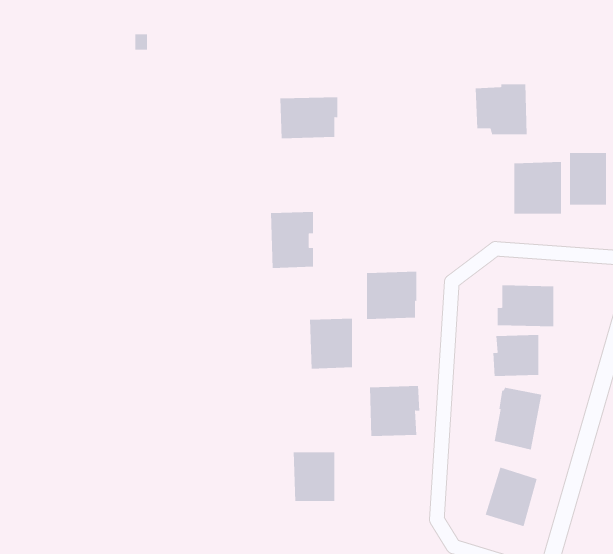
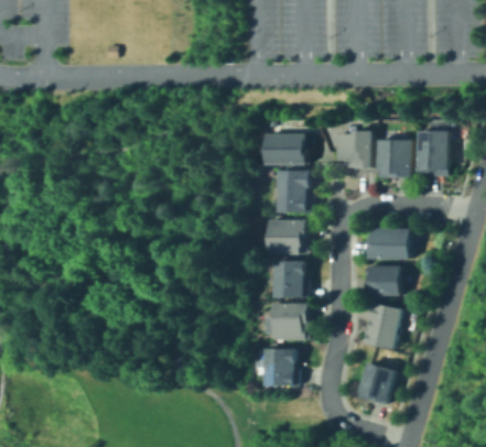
building: [475,84,528,135] -> [333,131,371,168]
building: [279,97,338,139] -> [266,133,309,164]
building: [270,211,314,268] -> [278,171,310,212]
building: [309,318,353,369] -> [273,261,305,298]
building: [293,452,335,501] -> [264,349,295,385]

